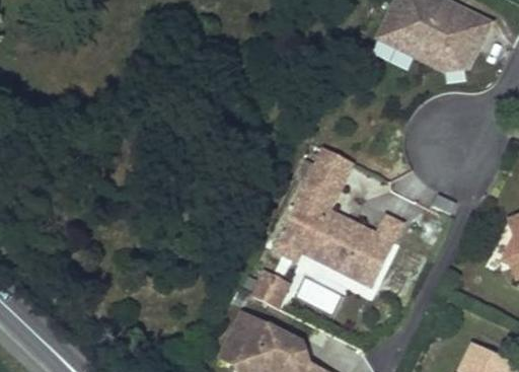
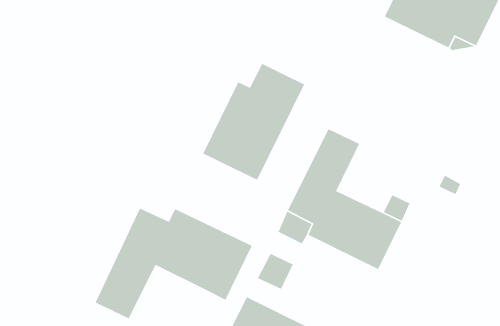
building: none -> [202,63,305,181]
building: none -> [95,208,253,320]

